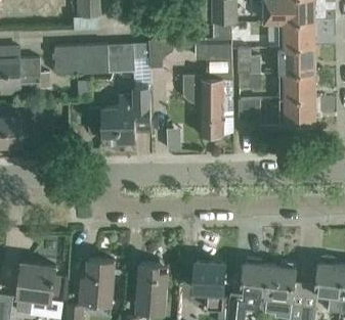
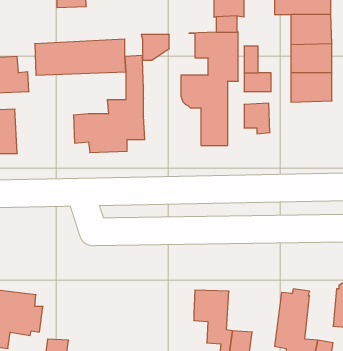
building: [278,97,314,125] -> none
building: [241,258,270,312] -> none
building: [80,259,114,304] -> none
building: [136,264,168,312] -> none

